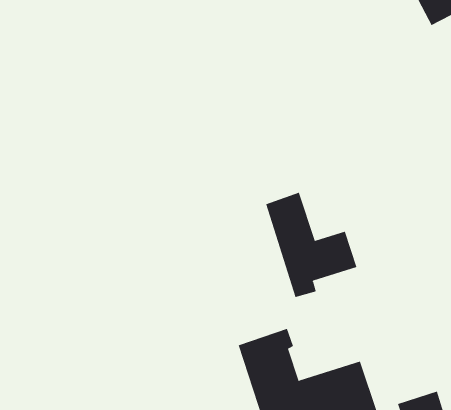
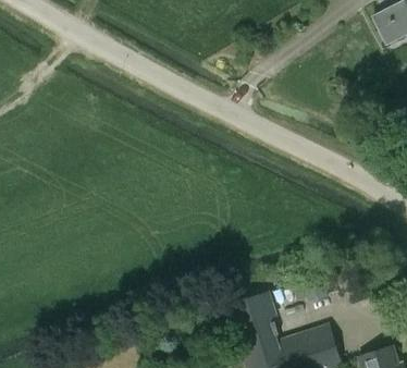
building: [265,192,357,298] -> none

